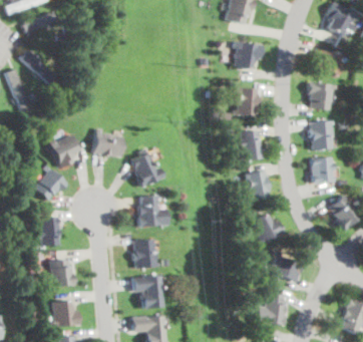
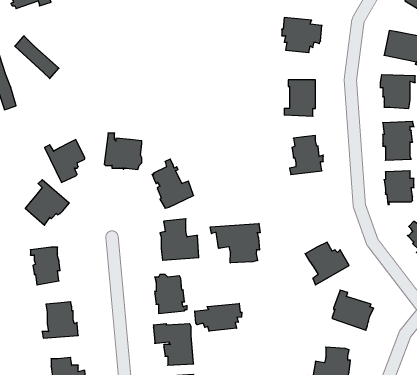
building: [246,172,269,202] -> none
building: none -> [210,223,260,263]
building: none -> [195,303,242,331]

